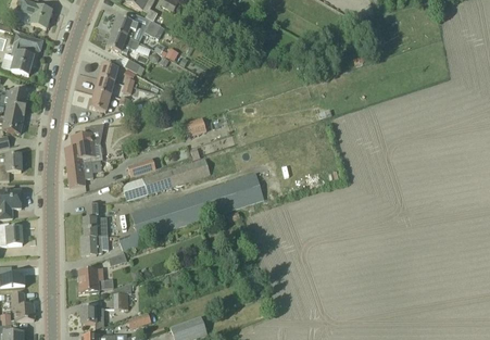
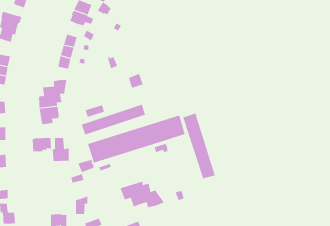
building: none -> [183,112,215,179]
building: [81,235,109,254] -> [32,137,52,152]
building: none -> [120,181,165,208]
building: [79,268,113,292] -> none

